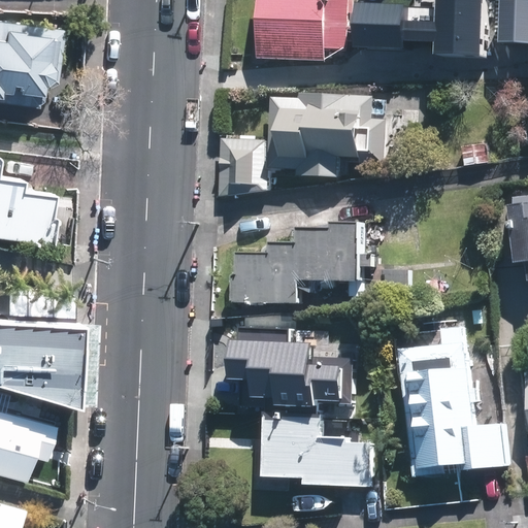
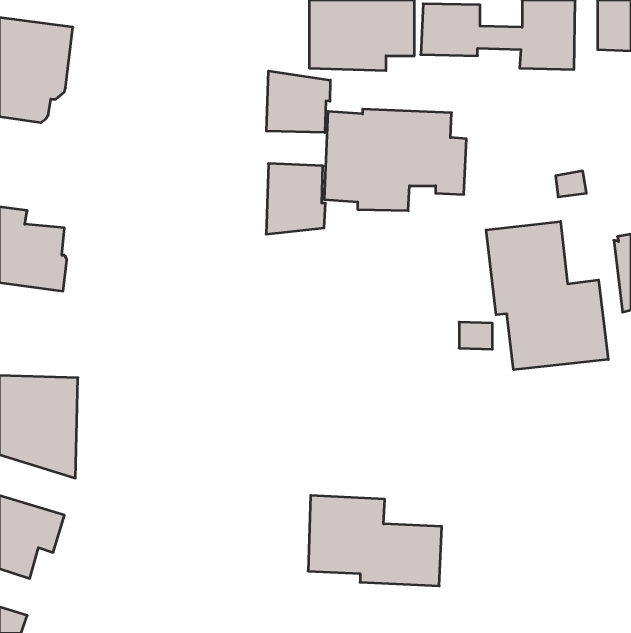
building: none -> [266,71,330,133]
building: none -> [486,221,608,370]
building: [231,220,373,303] -> none
building: [402,326,508,476] -> none
building: [227,340,351,406] -> none

